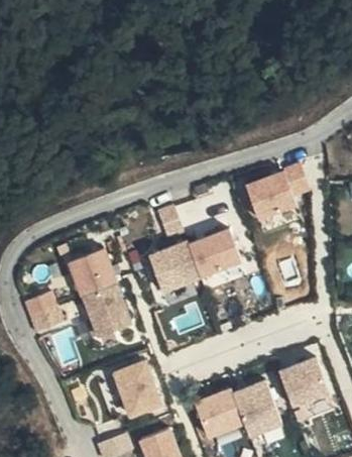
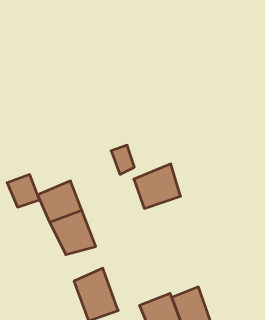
building: [245,172,299,230] -> none
building: [142,241,202,305] -> none
building: [24,291,65,331] -> [7,175,39,207]
building: [277,354,329,411] -> none

